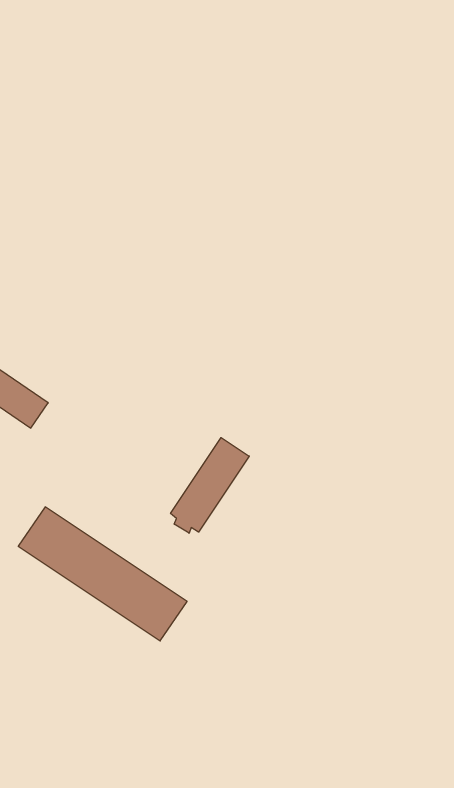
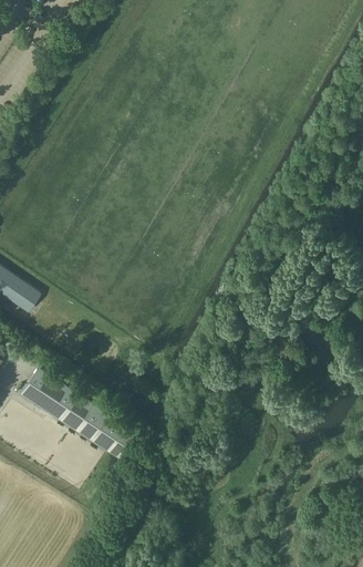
building: [171,438,249,533] -> none

